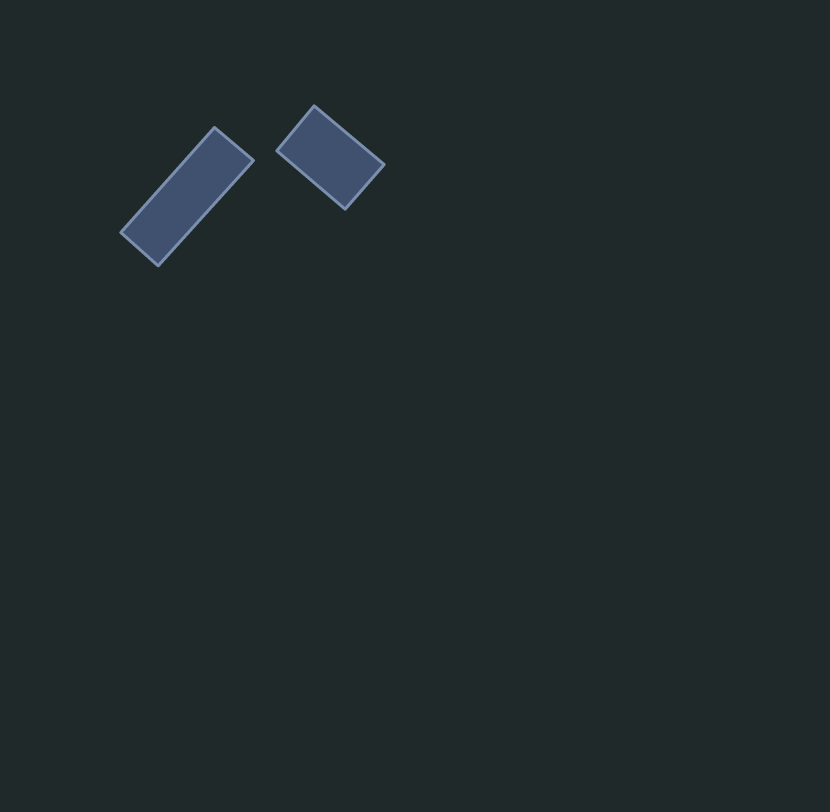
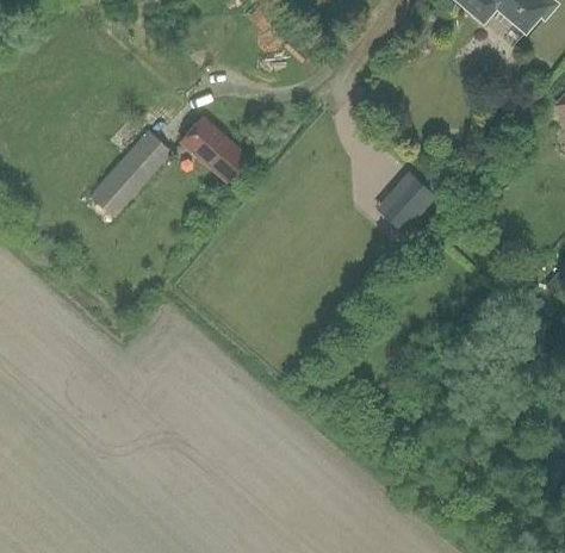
building: none -> [375,172,436,234]

